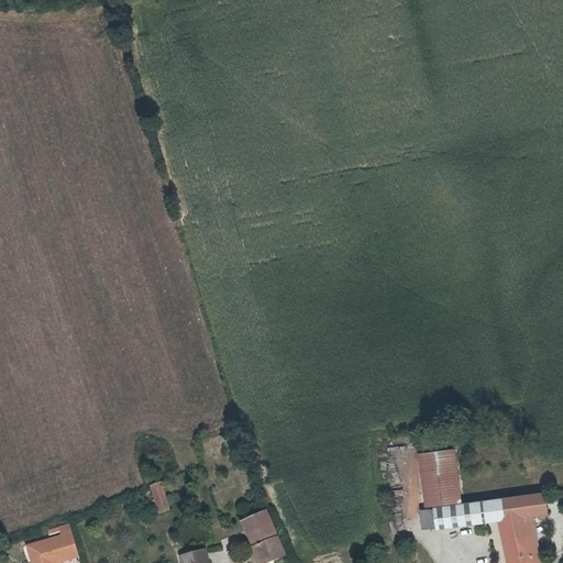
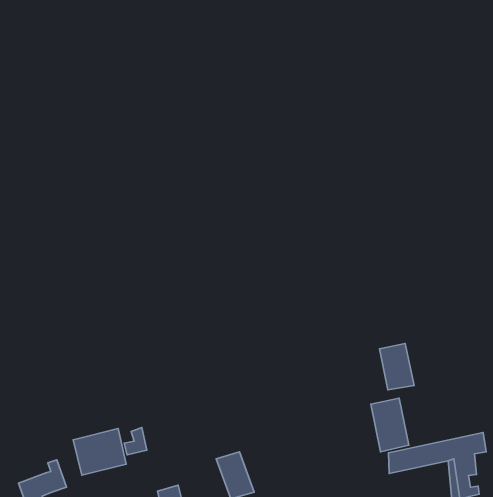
building: none -> [379,344,414,390]
building: none -> [73,428,126,475]

